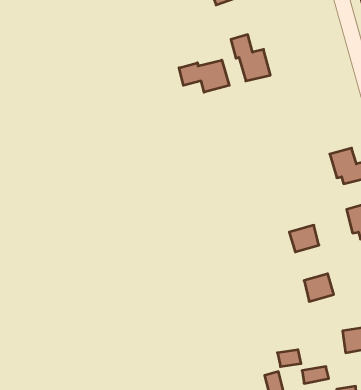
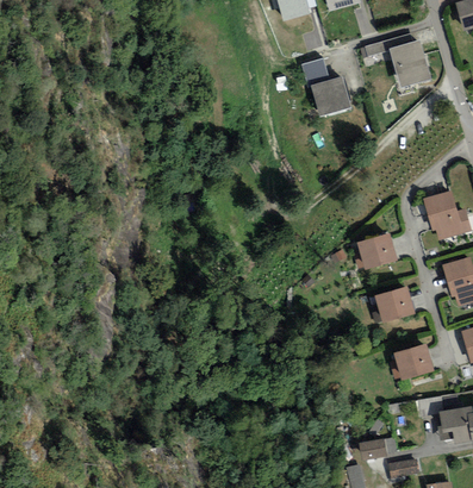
building: none -> [361,32,431,86]
building: [179,60,229,92] -> none
building: none -> [356,236,392,268]

